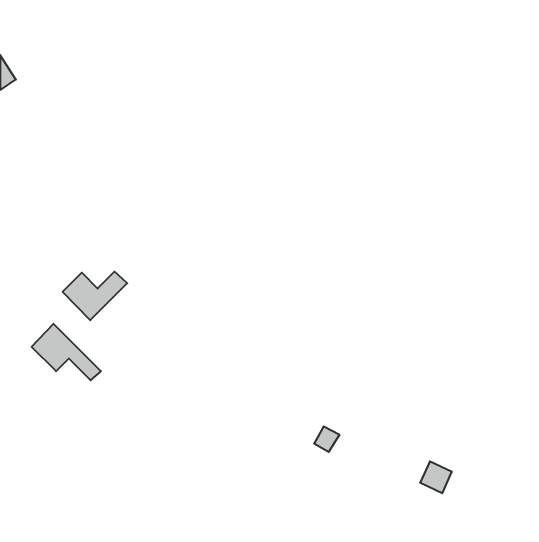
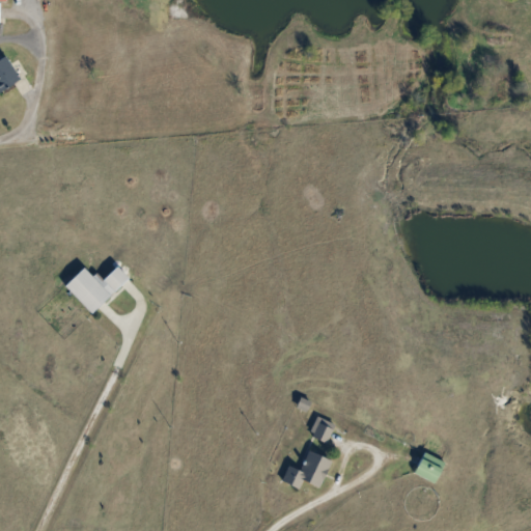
building: [32,324,101,380] -> none
building: none -> [281,451,331,488]

